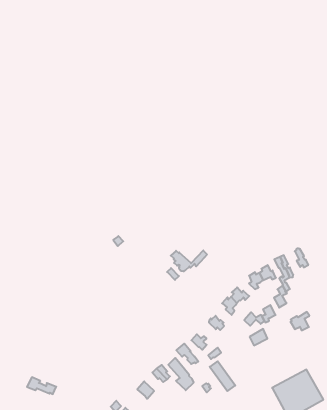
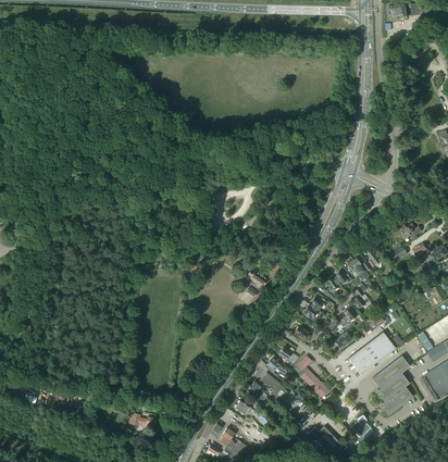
building: none -> [348,330,395,374]

